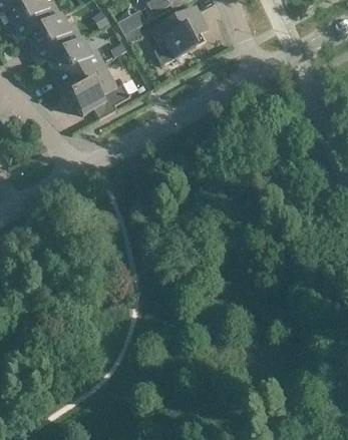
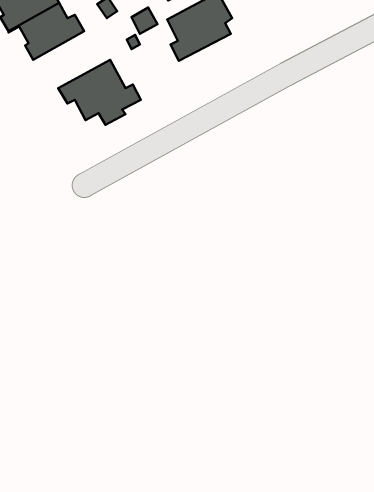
building: [38,37,103,85] -> none

